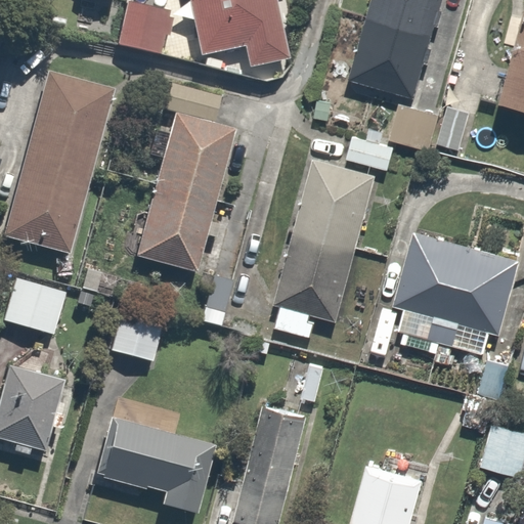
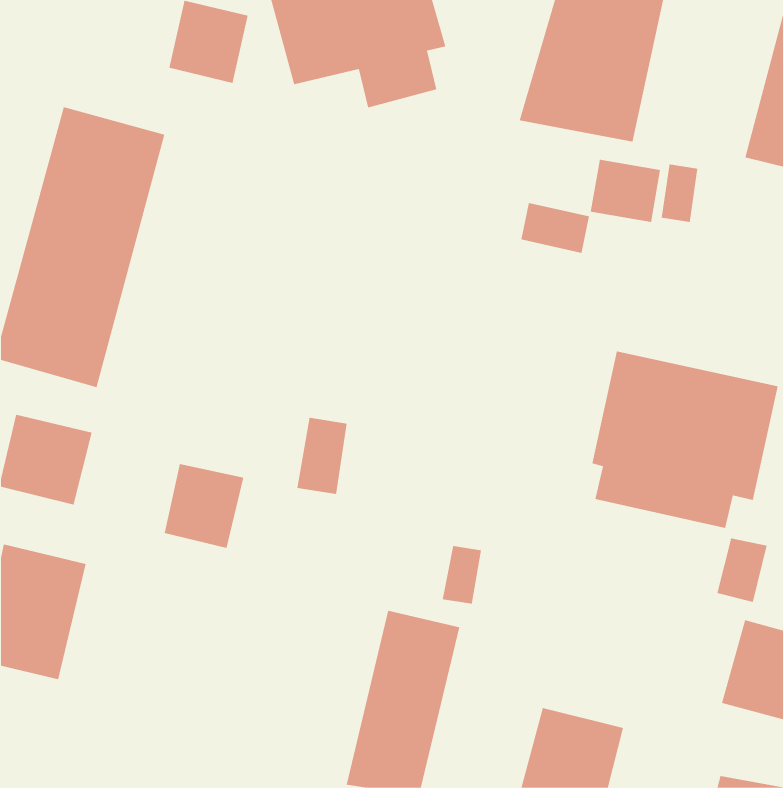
building: [134,114,235,272] -> none
building: [275,161,373,336] -> none
building: [103,423,210,515] -> none

